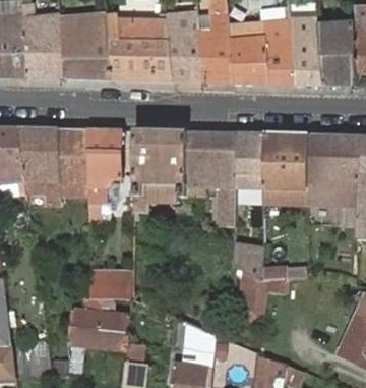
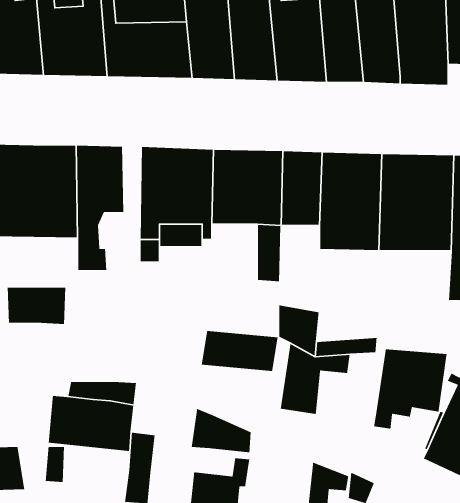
building: none -> [201,330,278,372]
building: [90,272,133,299] -> [7,287,66,325]
building: none -> [373,349,448,430]

